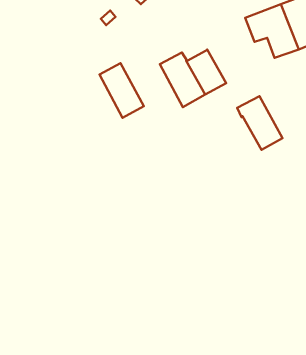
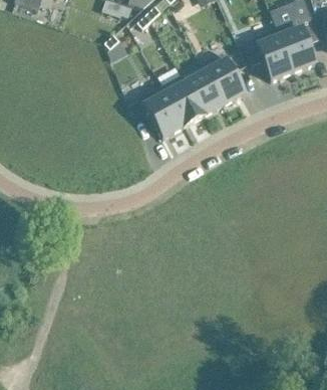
building: [99,63,144,118] -> [141,85,184,138]
building: [237,96,283,150] -> [202,52,245,104]

